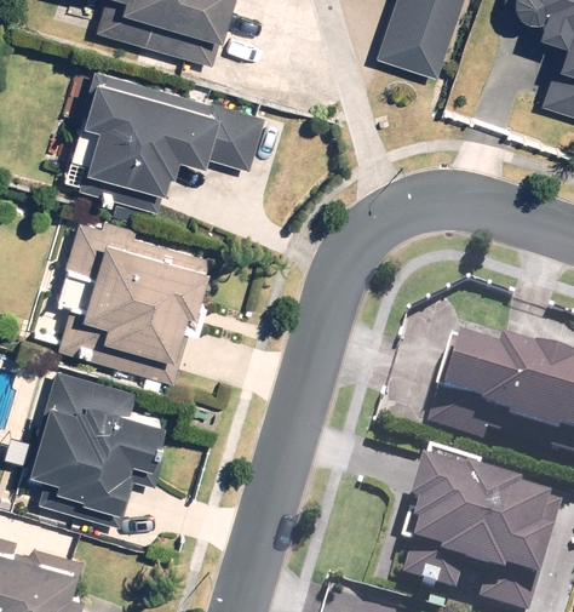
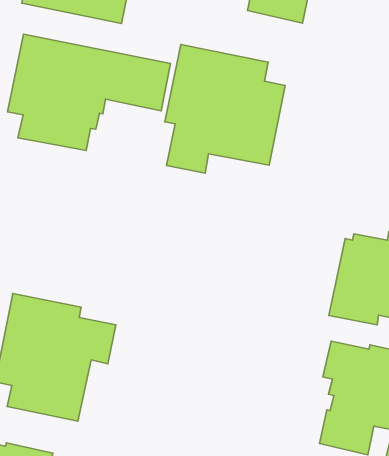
building: none -> [165,45,285,173]
building: [62,206,220,377] -> none

